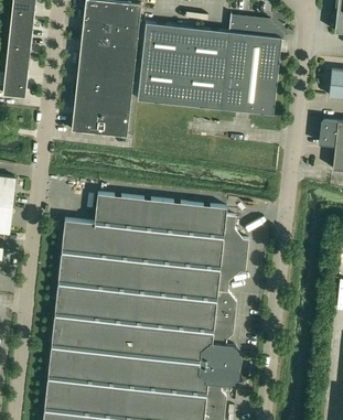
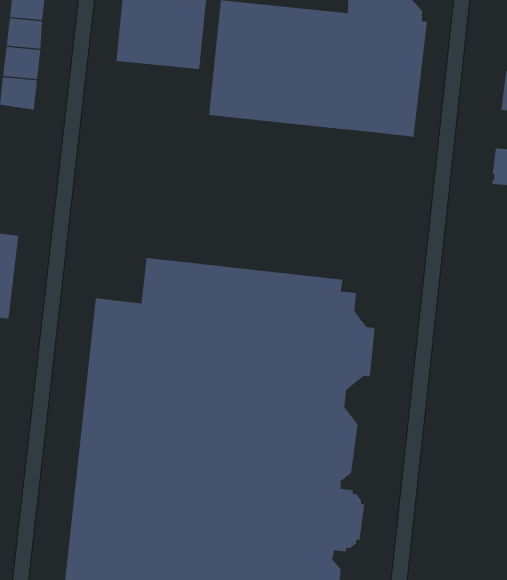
building: [72,65,133,138] -> none

